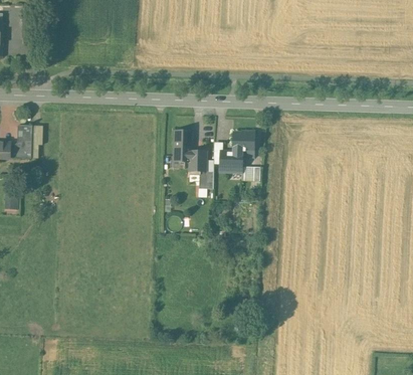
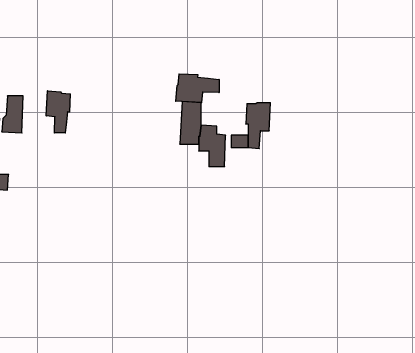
building: none -> [176,74,219,103]
building: none -> [46,91,70,133]

